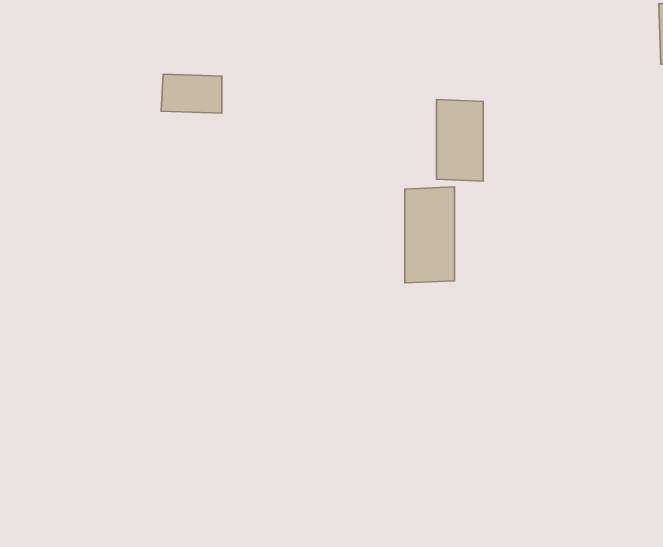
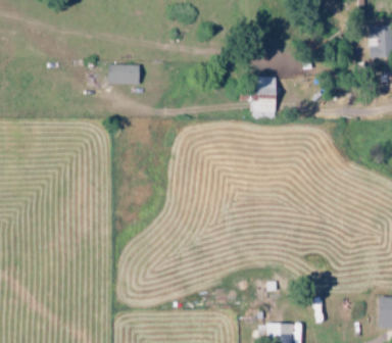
building: [405,187,455,283] -> none

